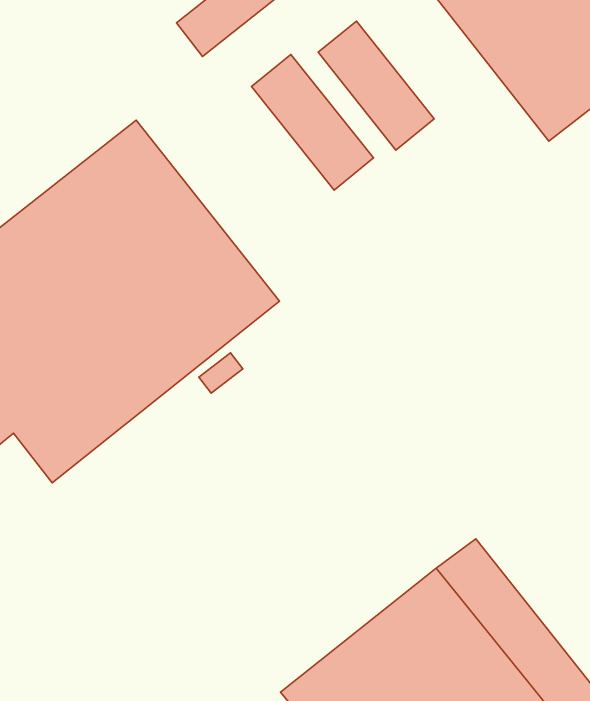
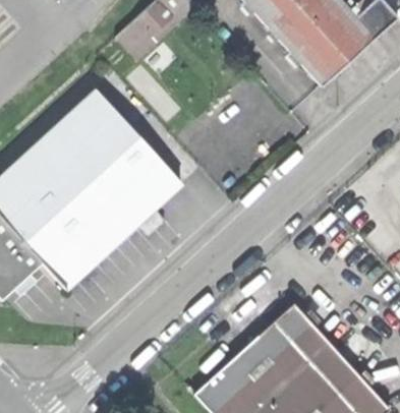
building: [318,21,434,150] -> none
building: [252,54,374,190] -> none

